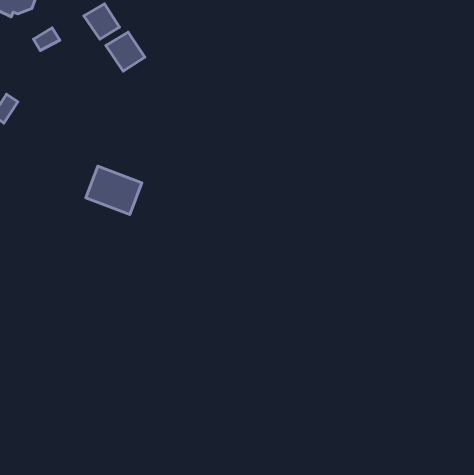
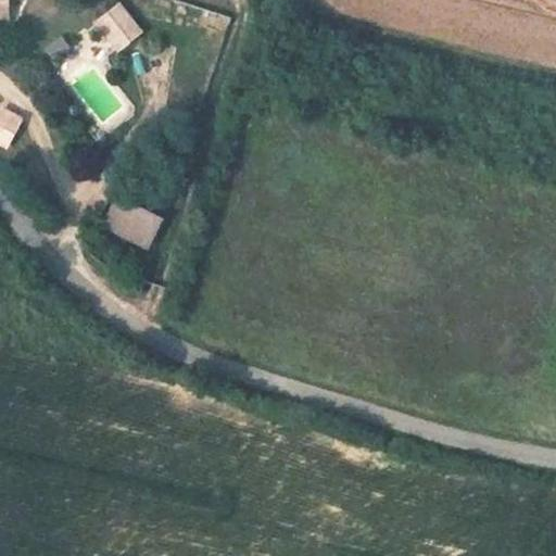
building: [106,32,145,71] -> none

